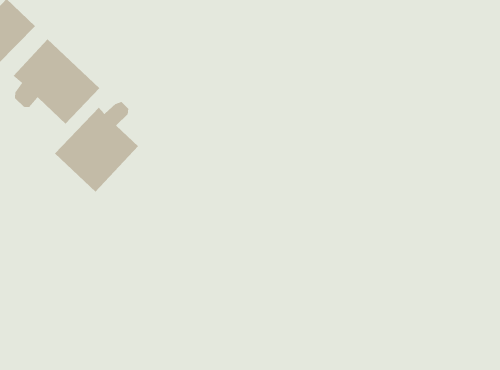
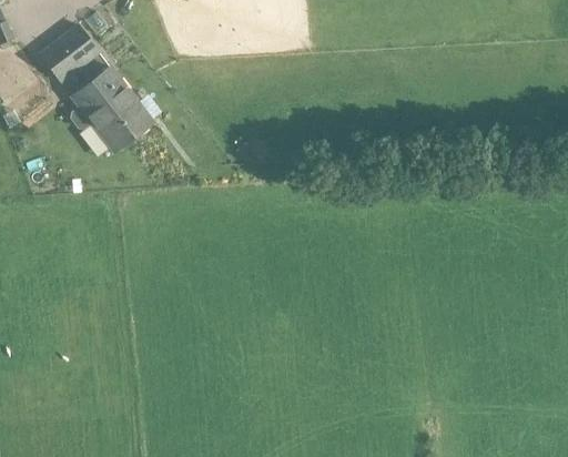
building: [54,101,139,192] -> none

